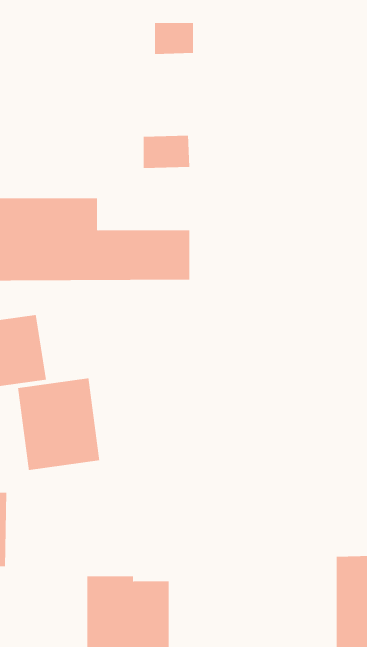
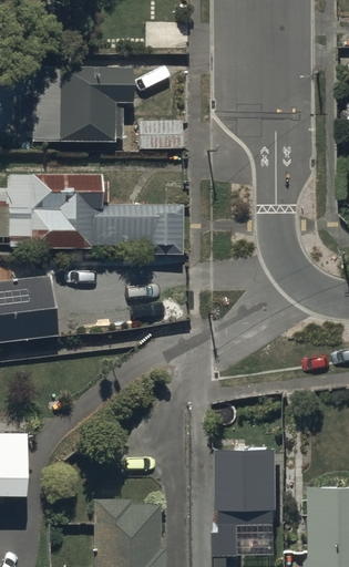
building: none -> [22,69,131,141]
building: [18,378,100,471] -> none
building: none -> [215,450,281,557]

